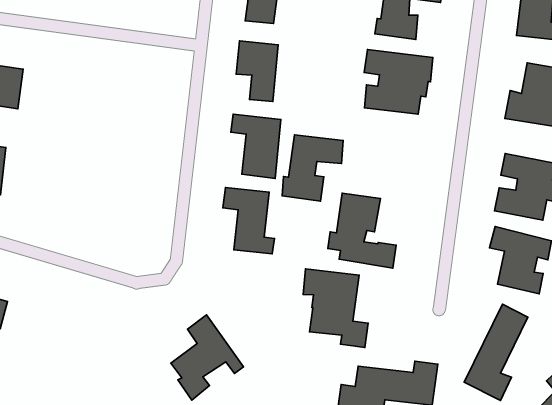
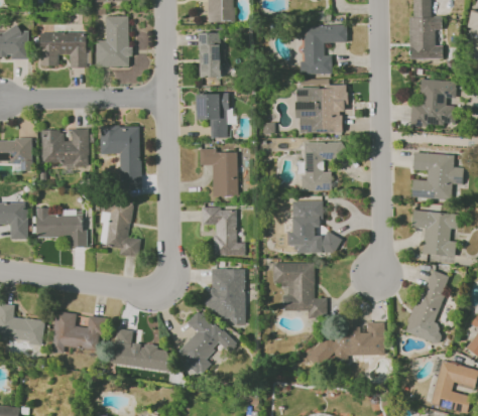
building: none -> [40,128,89,164]
building: none -> [99,125,141,187]
building: [282,135,343,201] -> [300,141,343,190]
building: none -> [35,207,85,248]
building: none -> [102,199,140,256]
building: none -> [208,268,245,317]
building: none -> [50,311,103,354]
building: none -> [112,328,170,371]

